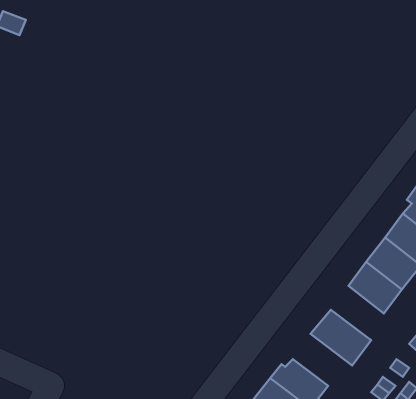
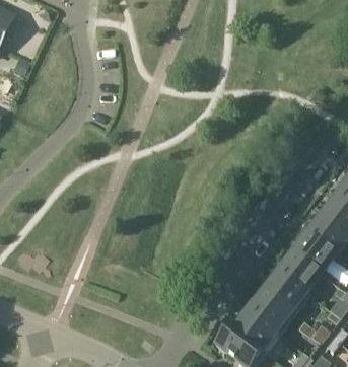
building: none -> [278,248,321,289]
building: none -> [248,287,295,332]

